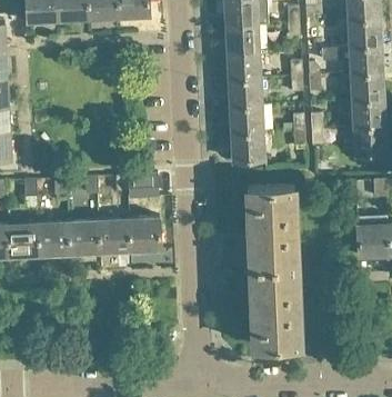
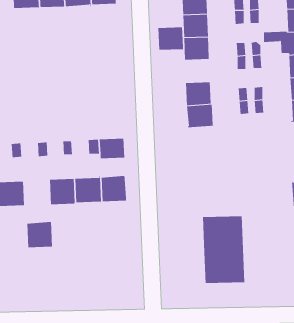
building: [229,81,260,109] -> [158,27,184,50]
building: [245,186,298,268] -> none
building: [39,222,70,255] -> [27,221,53,248]

